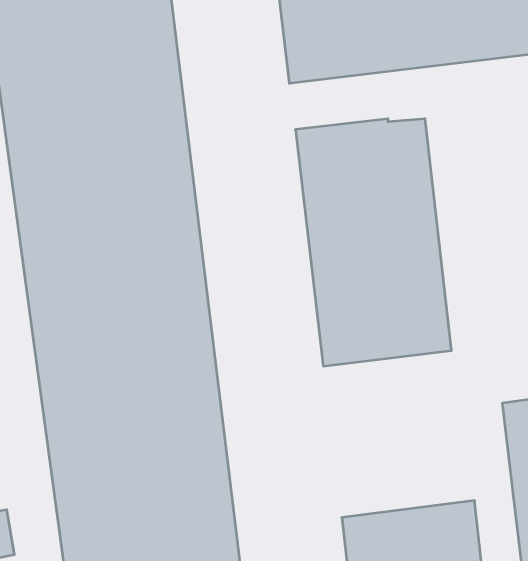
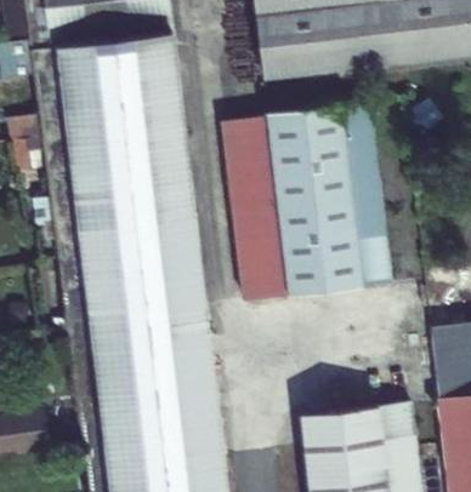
building: none -> [223,115,291,304]

